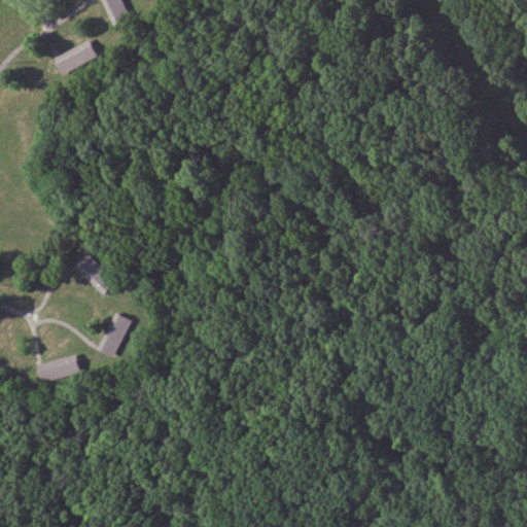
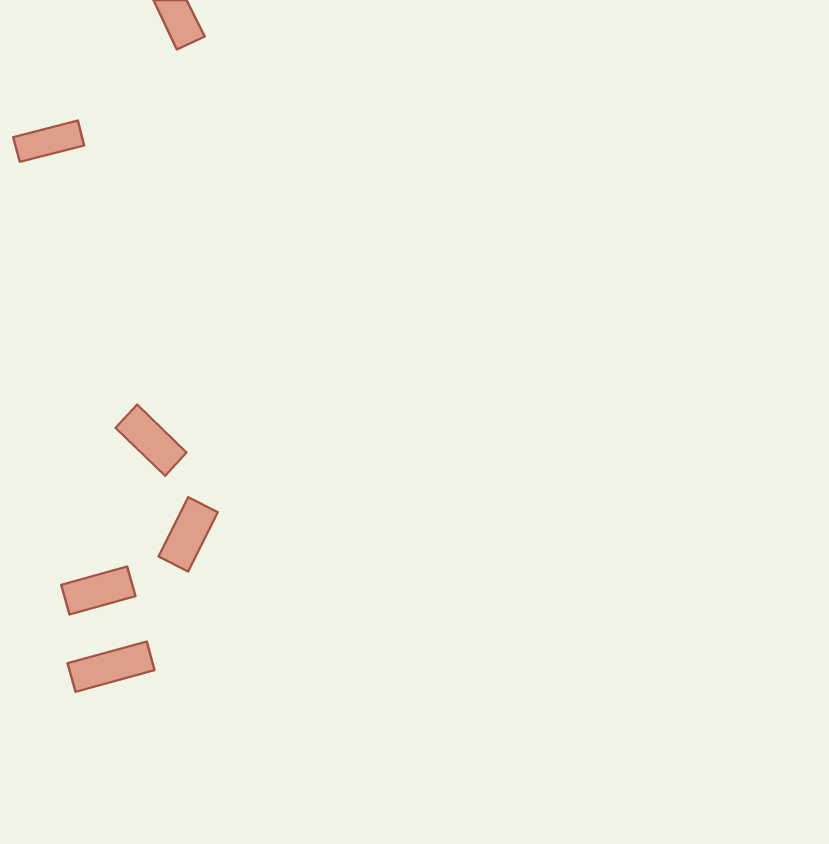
building: [50,45,95,71] -> [13,121,84,162]
building: none -> [68,641,155,692]

